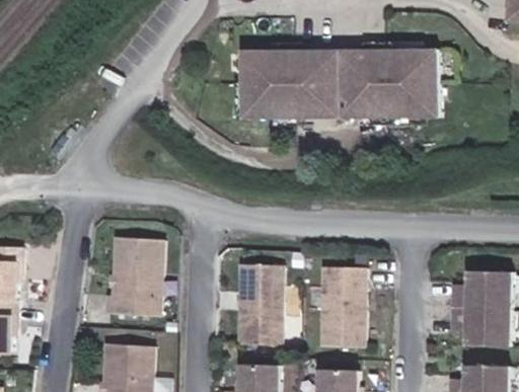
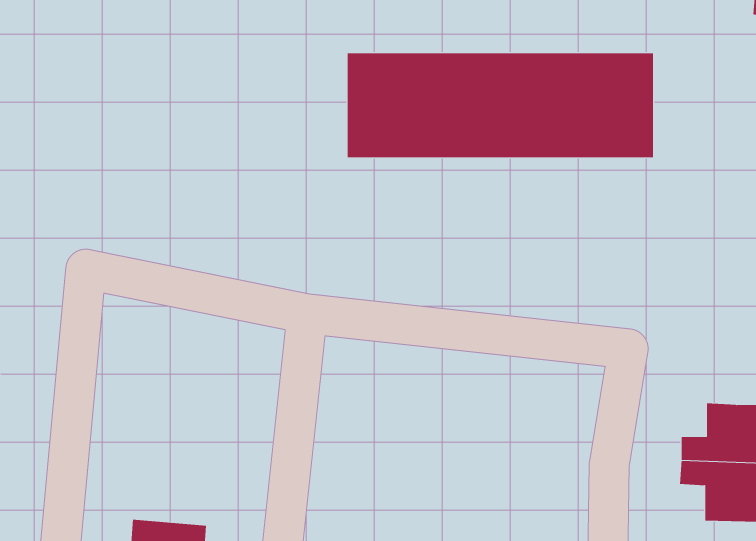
building: [102,233,160,313] -> none
building: [239,261,284,342] -> none
building: [321,265,365,345] -> none

